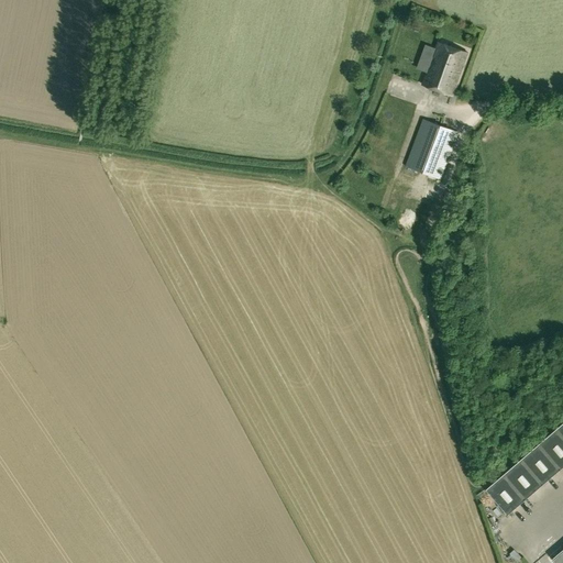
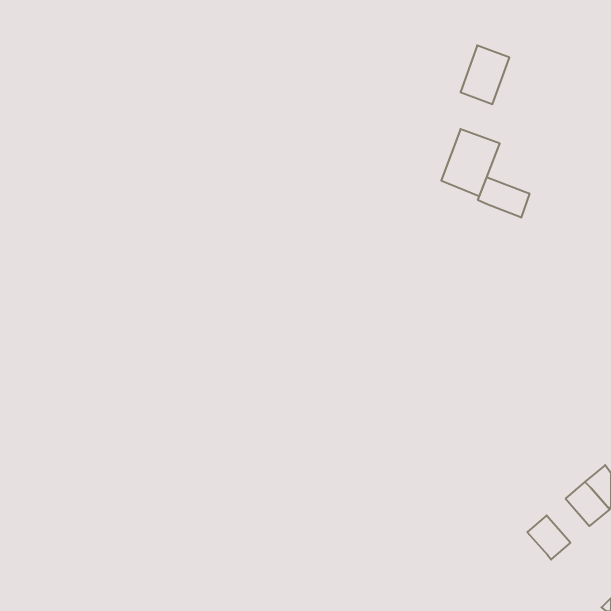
building: none -> [478,177,529,218]
building: [503,459,542,499] -> none

